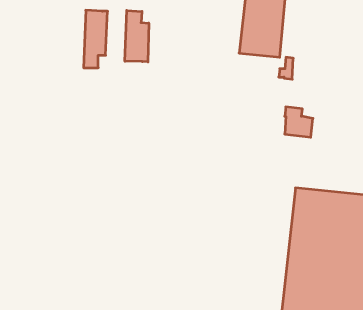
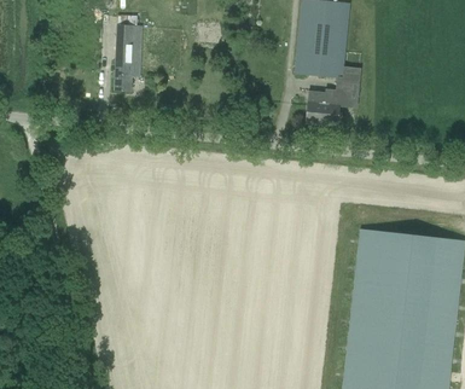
building: [125,10,149,62] -> none
building: [285,107,313,137] -> [307,91,339,126]

